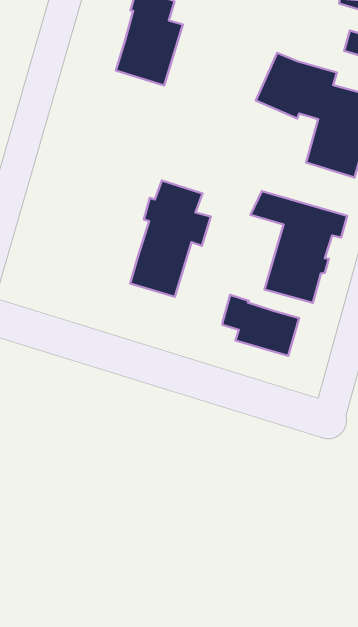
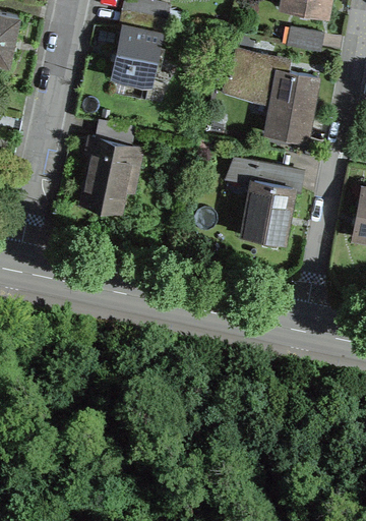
building: [130,181,211,297] -> [83,125,141,215]
building: [222,295,299,356] -> none

